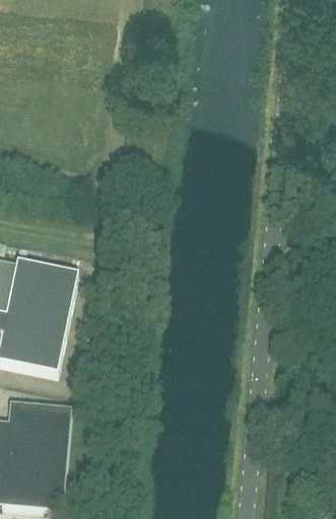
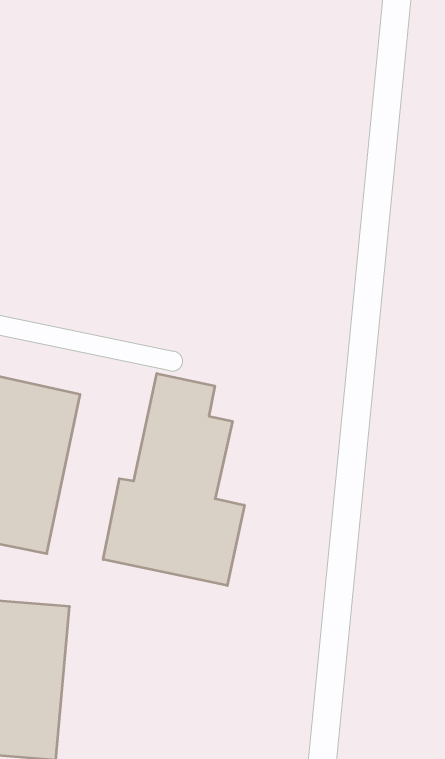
building: none -> [103,373,244,586]

